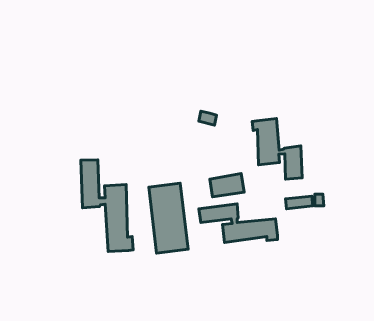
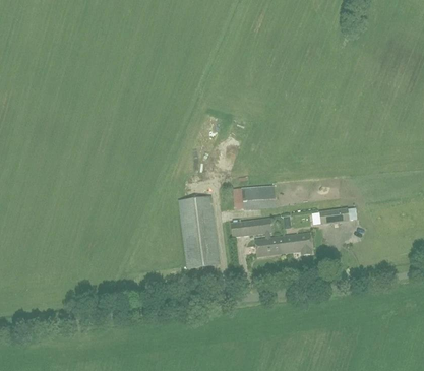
building: [252,119,302,179] -> none
building: [81,160,133,252] -> none

